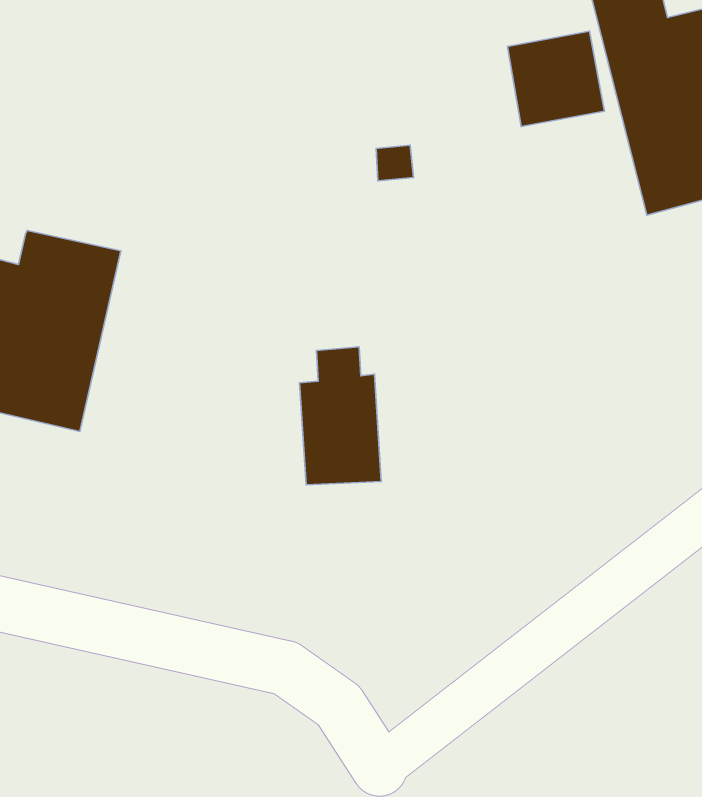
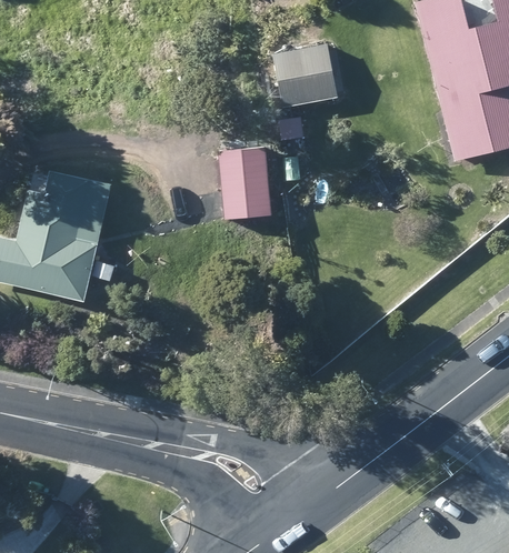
building: [508,31,605,127] -> [273,43,337,105]
building: [299,347,381,485] -> [219,128,272,218]

